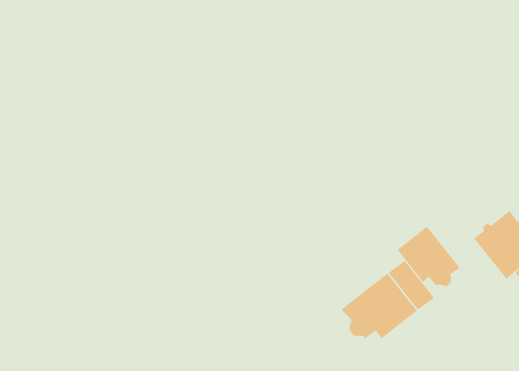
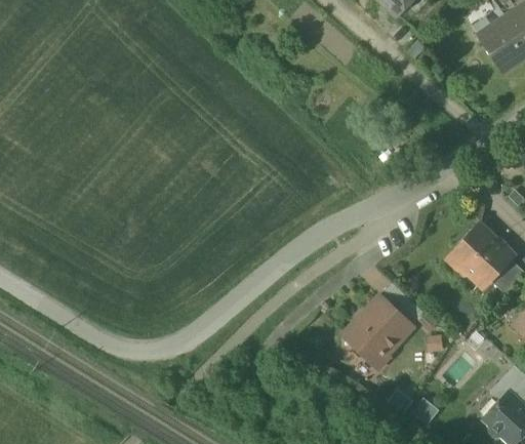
building: [397,226,460,287] -> none

